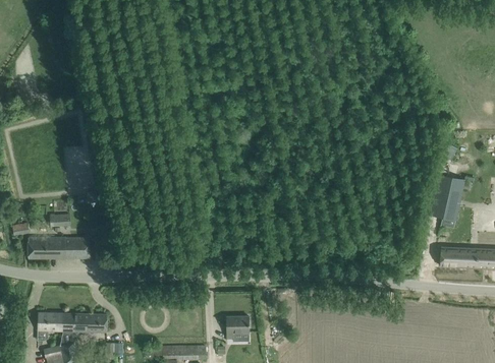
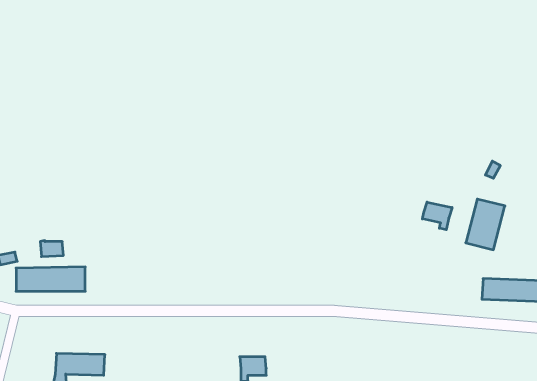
building: none -> [422,202,452,230]
building: [38,312,64,331] -> none

